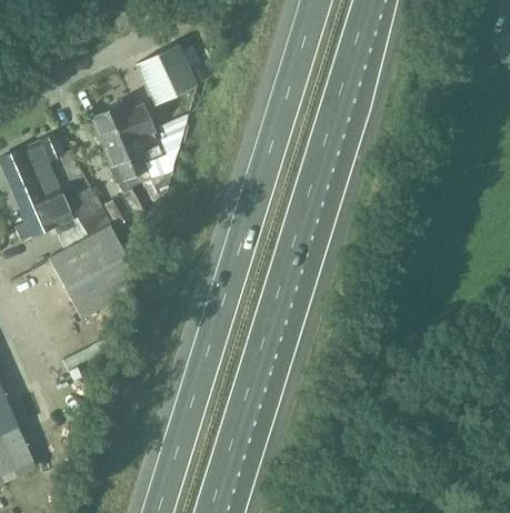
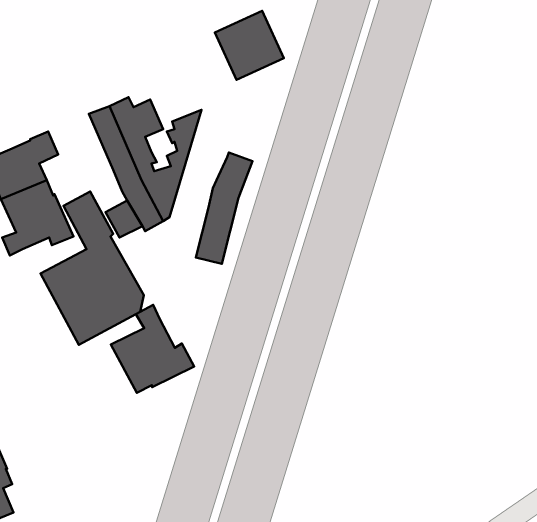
building: [136,44,196,104] -> [215,11,284,80]
building: none -> [196,153,252,264]
building: none -> [111,305,194,393]

